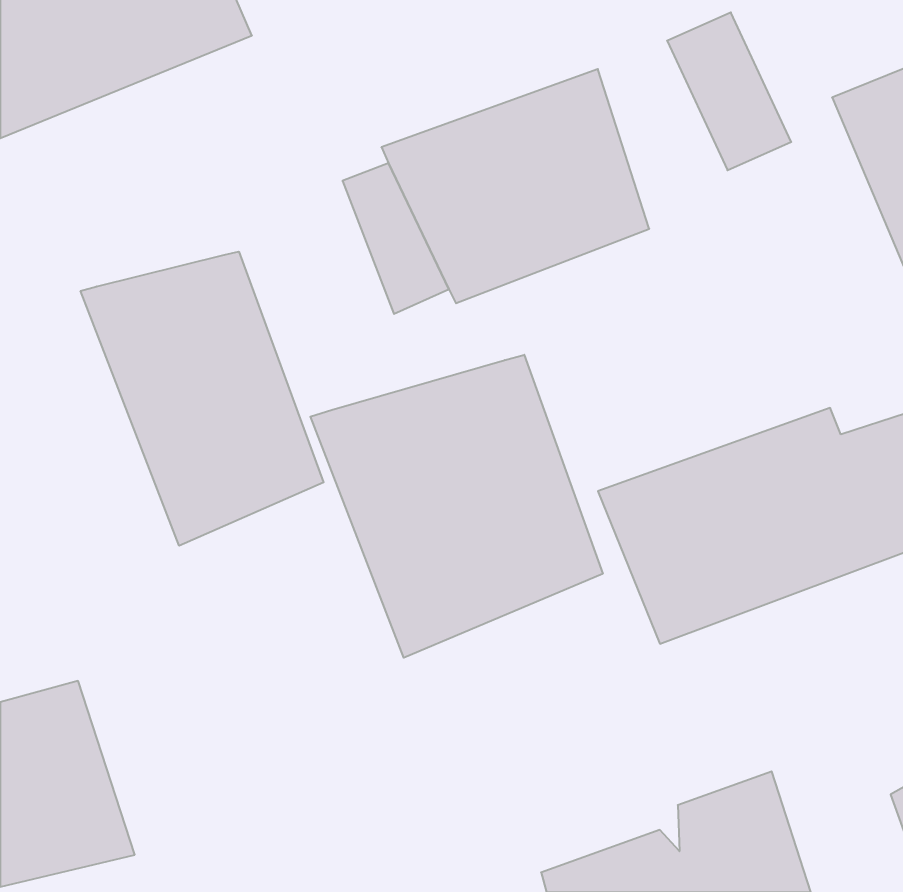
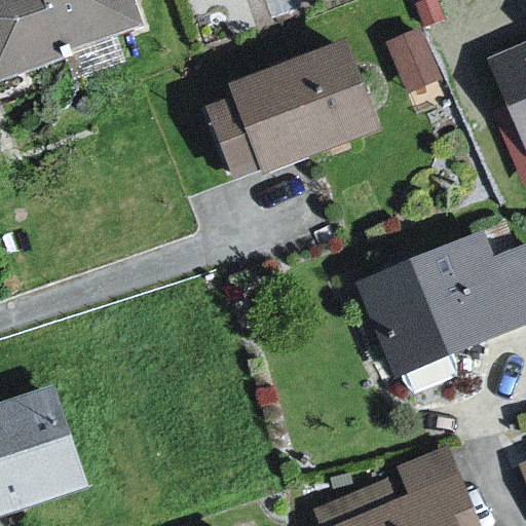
building: [81,252,324,546] -> none
building: [310,355,603,658] -> none

